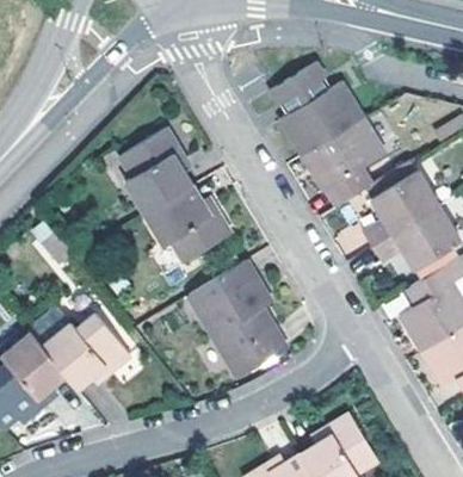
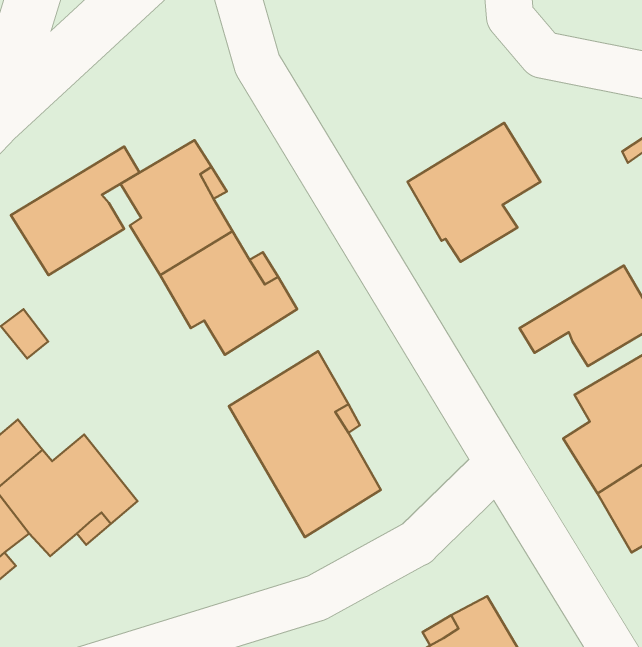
building: [264,56,362,154] -> none
building: none -> [11,147,139,275]
building: [362,160,437,246] -> none

